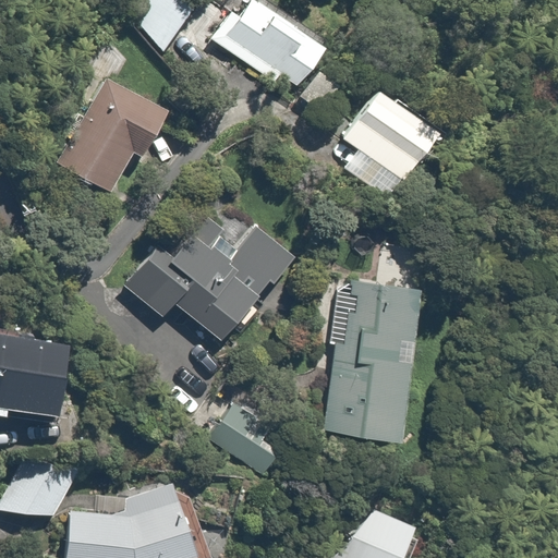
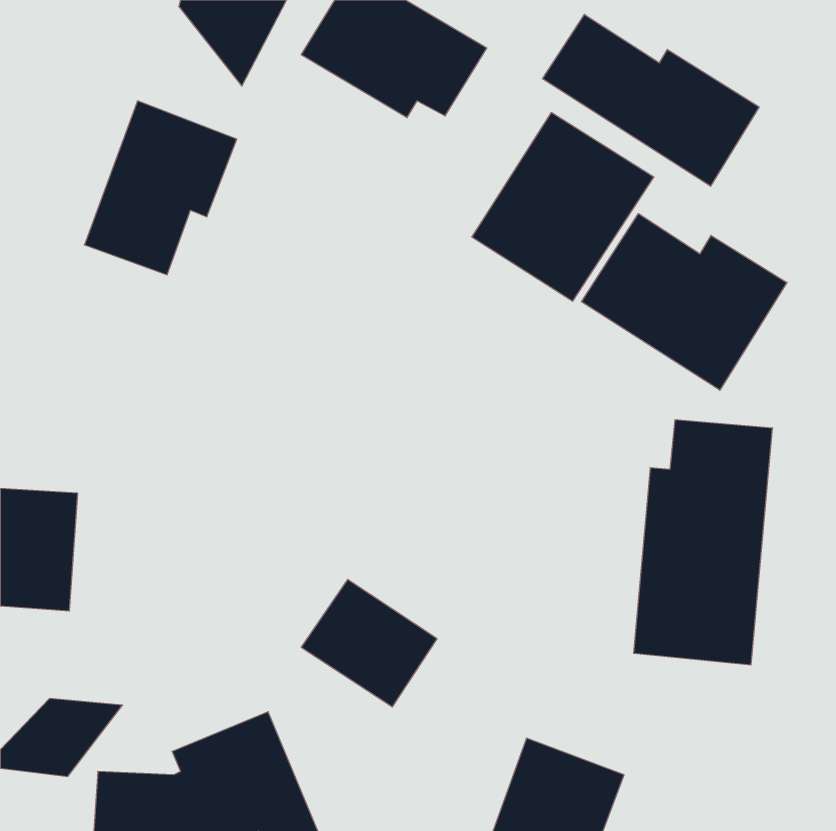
building: none -> [543,14,759,186]
building: none -> [581,214,787,390]
building: [116,214,300,343] -> none
building: [326,282,417,444] -> [634,420,773,665]

